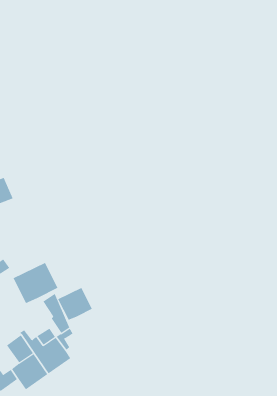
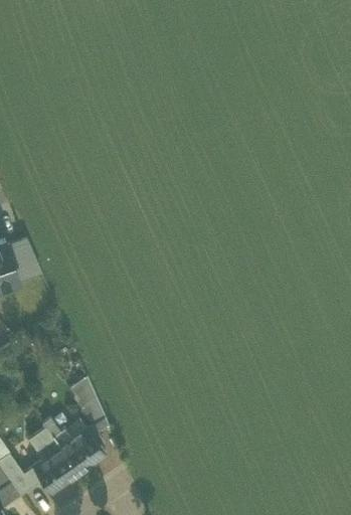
building: [13,262,58,304] -> none
building: [57,287,93,321] -> none

